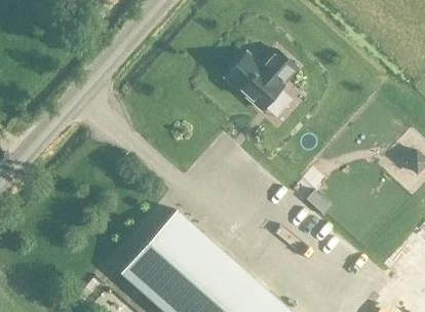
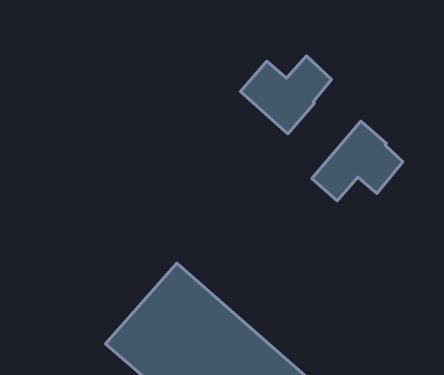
building: none -> [312,121,403,201]

